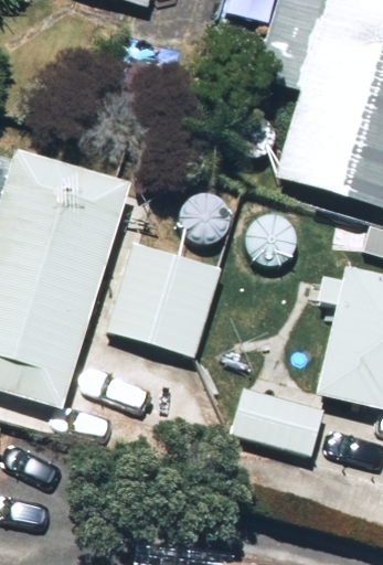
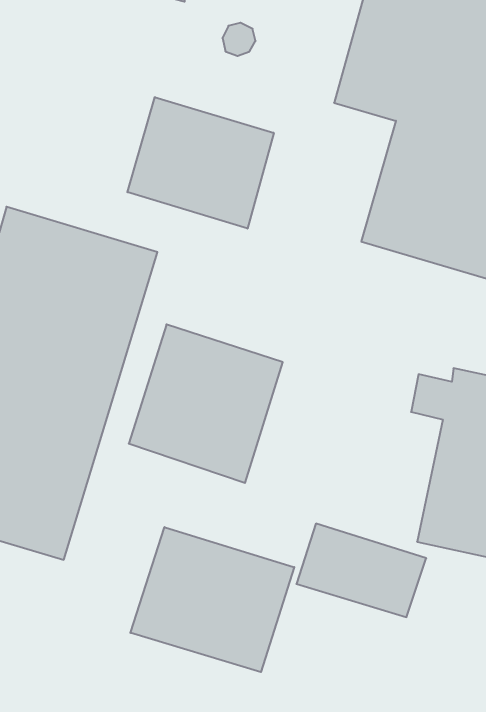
building: none -> [127,97,274,229]
building: none -> [130,527,294,672]

